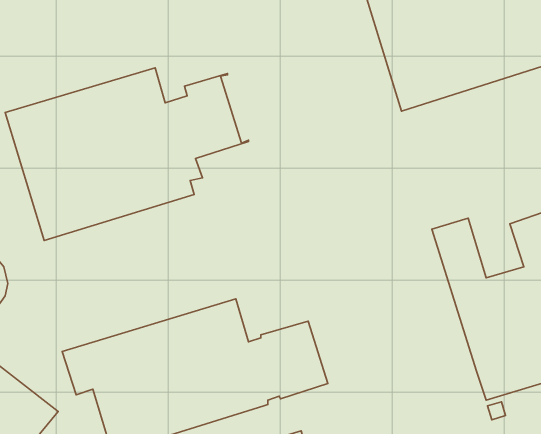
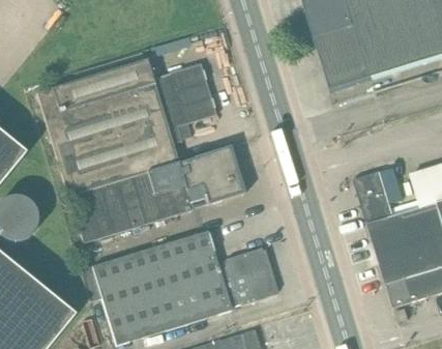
building: none -> [65,144,245,242]

